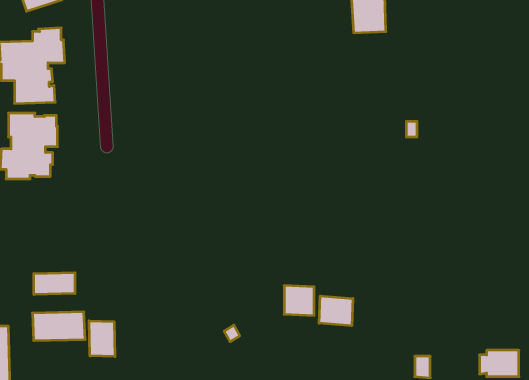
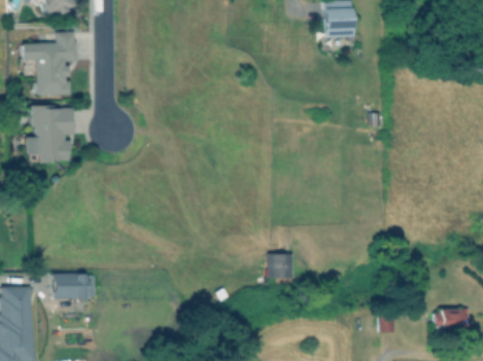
building: [34,273,75,295] -> none
building: [319,296,353,326] -> none
building: [89,321,115,357] -> none

